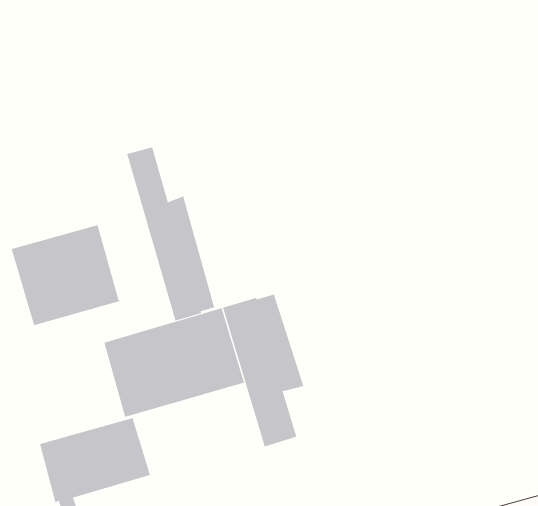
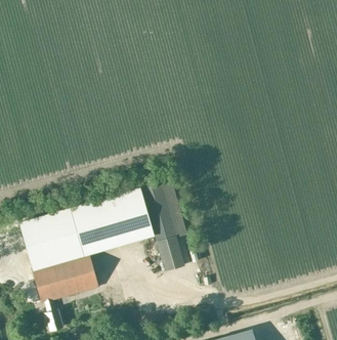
building: [127,147,215,321] -> none
building: [11,224,121,326] -> [19,209,84,268]

